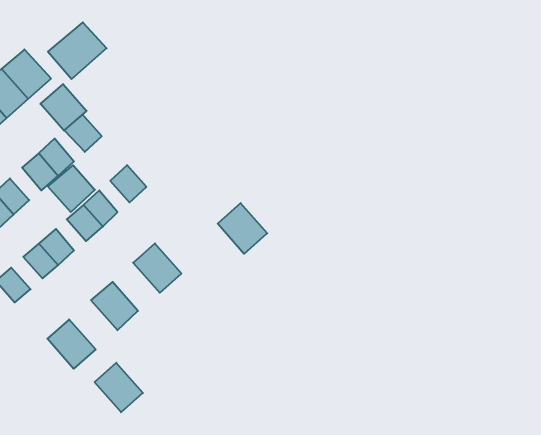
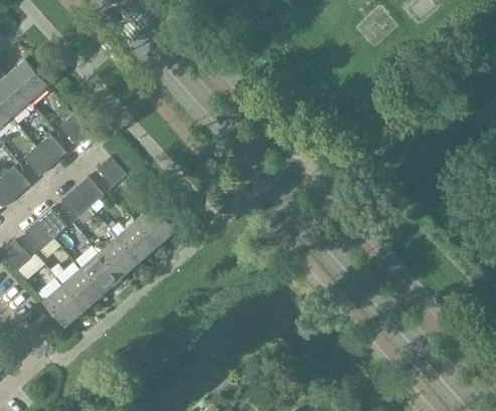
building: [48,22,107,79] -> none
building: [40,84,87,131] -> none
building: [48,165,95,212] -> none
building: [218,203,267,254] -> [132,206,173,248]
building: none -> [97,239,136,279]
building: [95,363,143,412] -> [60,270,101,312]

